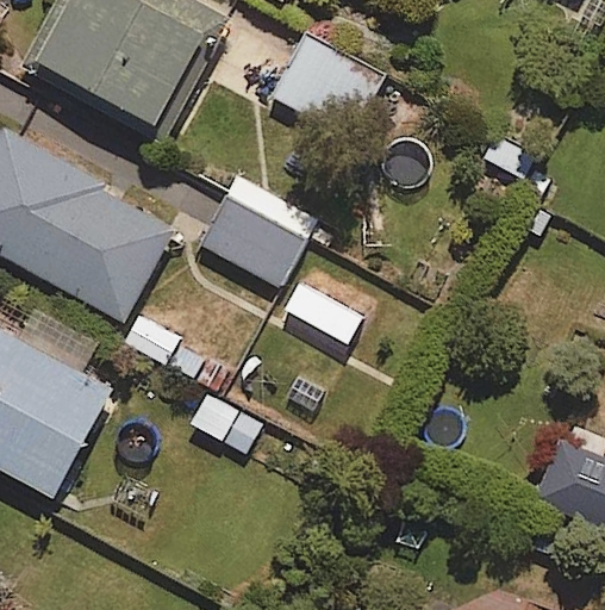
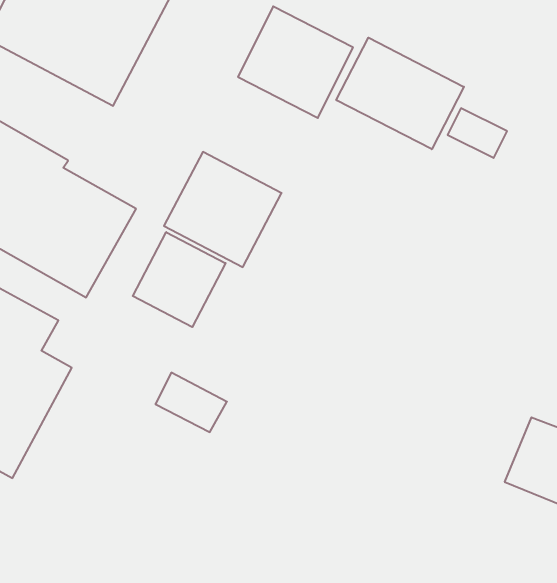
building: none -> [336,38,464,149]
building: none -> [133,232,226,327]

